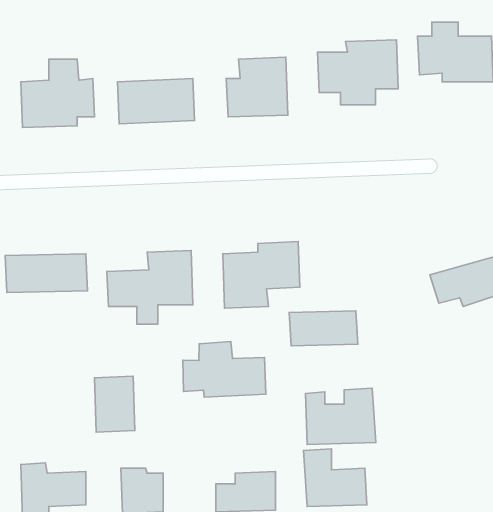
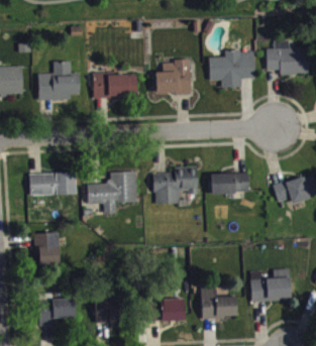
building: [289,311,358,346] -> [210,174,249,194]
building: [183,342,266,397] -> none
building: [95,376,135,432] -> [36,233,60,265]
building: [306,388,376,444] -> [250,269,291,302]

